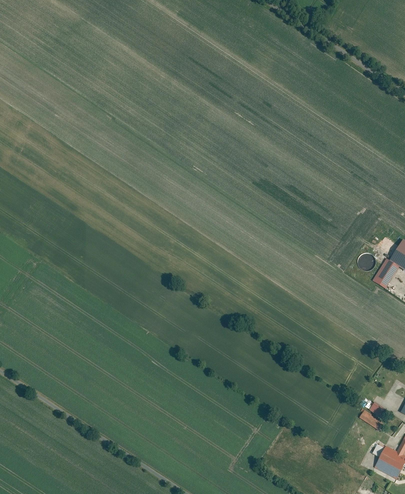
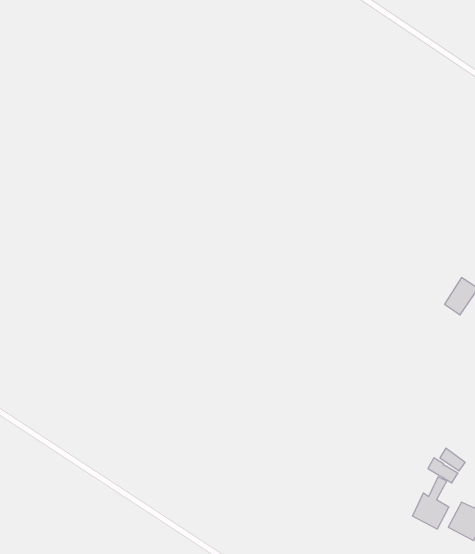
building: none -> [412,477,449,529]

